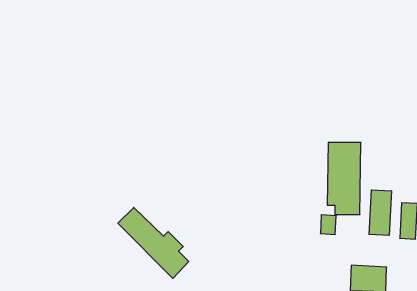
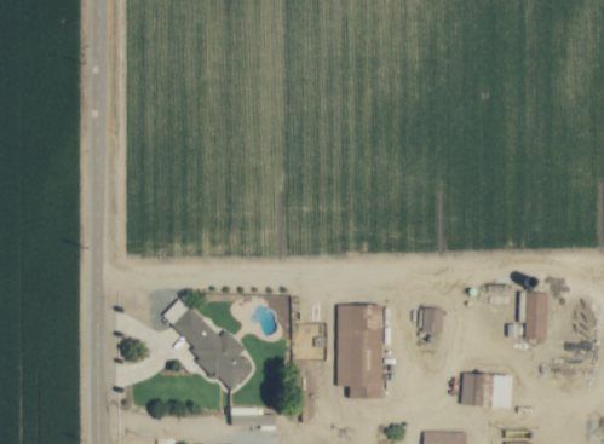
building: [327,142,361,214] -> [338,305,381,398]
building: [369,190,391,235] -> none

